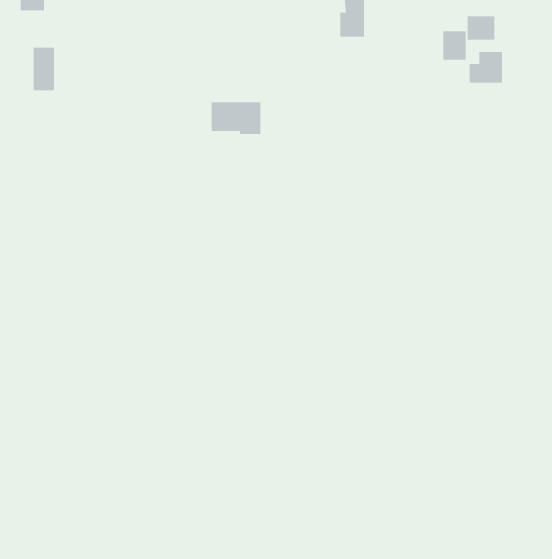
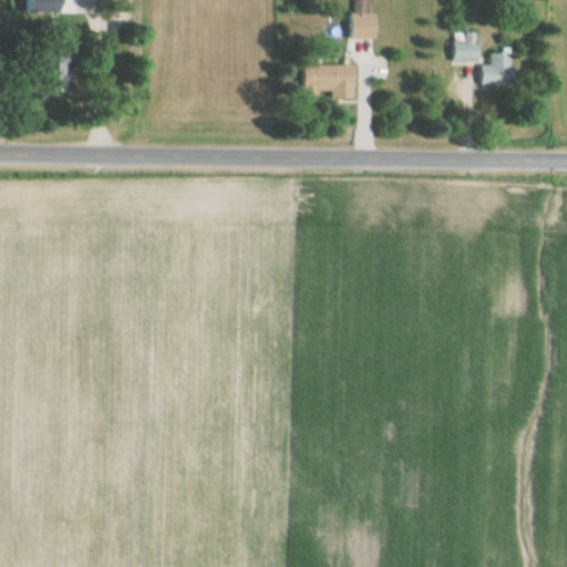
building: [467,15,495,40] -> none
building: [211,102,261,135] -> [303,64,354,97]

